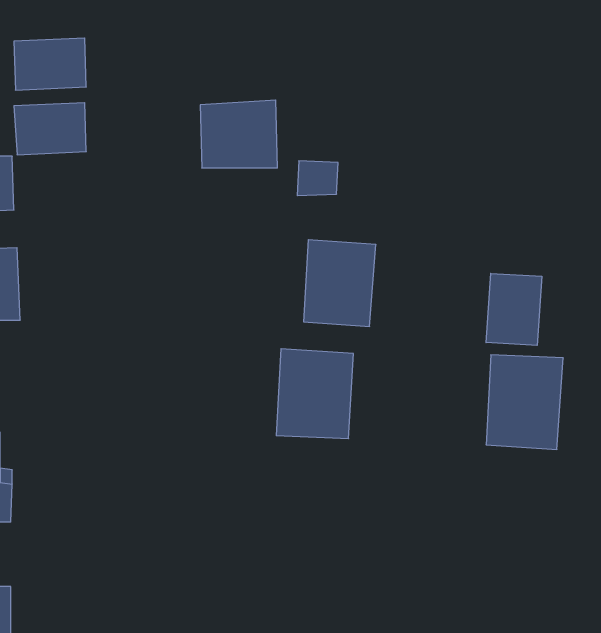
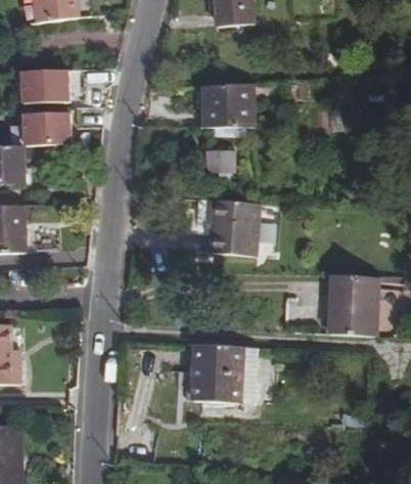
building: [200,100,277,168] -> [202,83,253,127]
building: [486,273,542,345] -> none
building: [276,349,353,439] -> [188,344,238,402]

